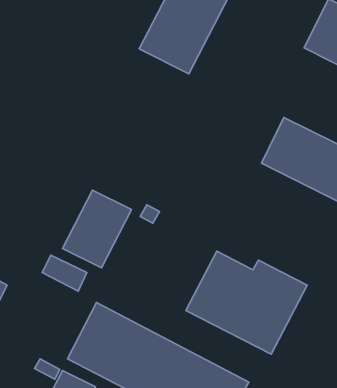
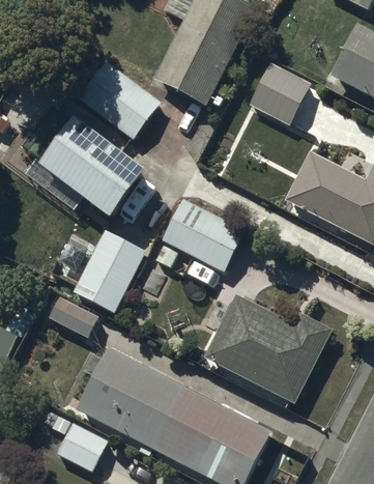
building: none -> [79,61,160,138]
building: none -> [249,62,311,124]
building: none -> [42,122,147,220]
building: none -> [162,199,243,272]

